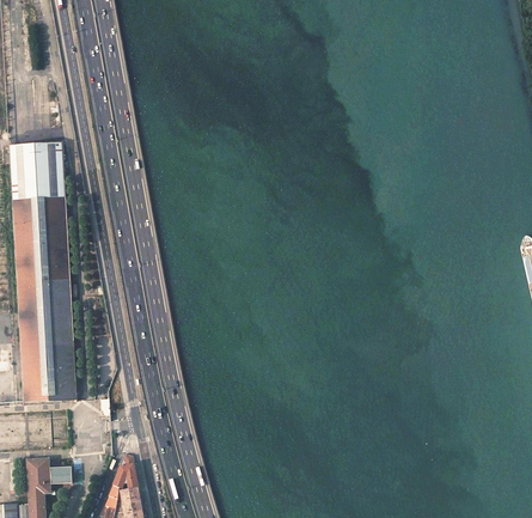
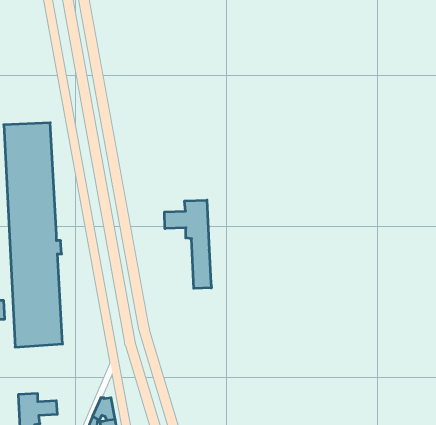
building: none -> [165,200,211,288]

